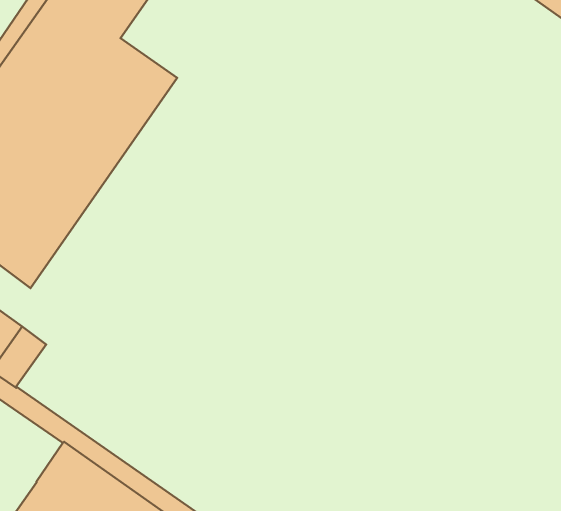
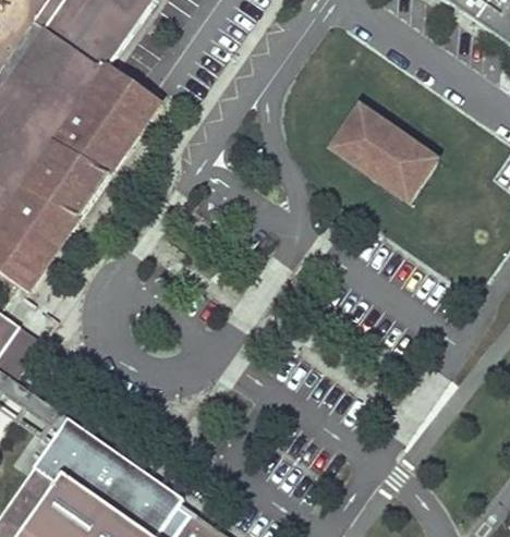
building: none -> [332,108,438,202]

